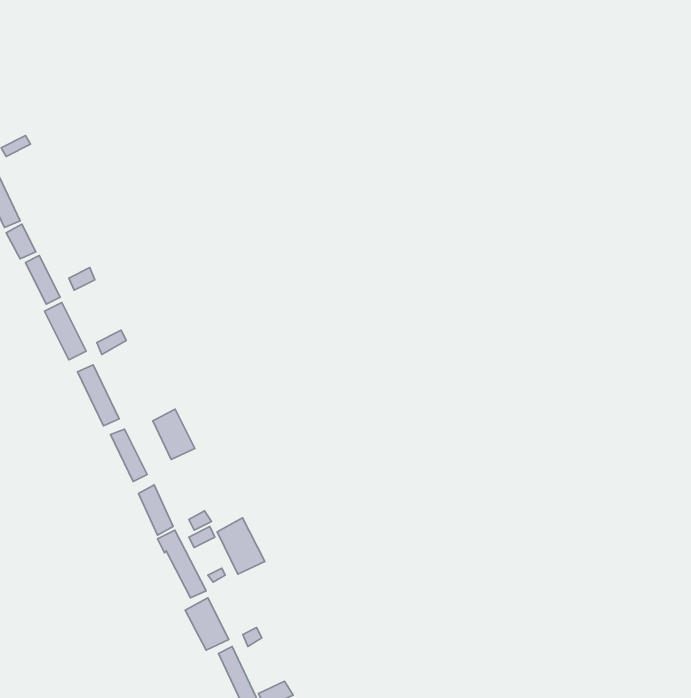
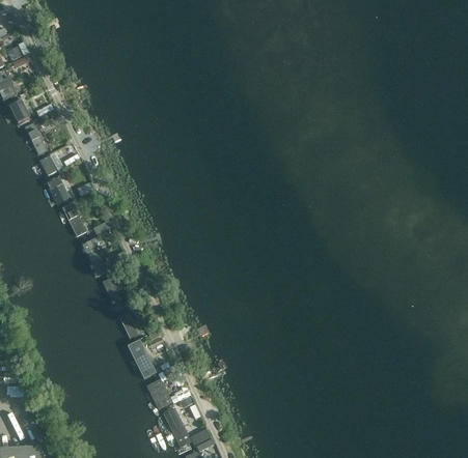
building: [153,409,195,459] -> none
building: [217,518,265,574] -> none

